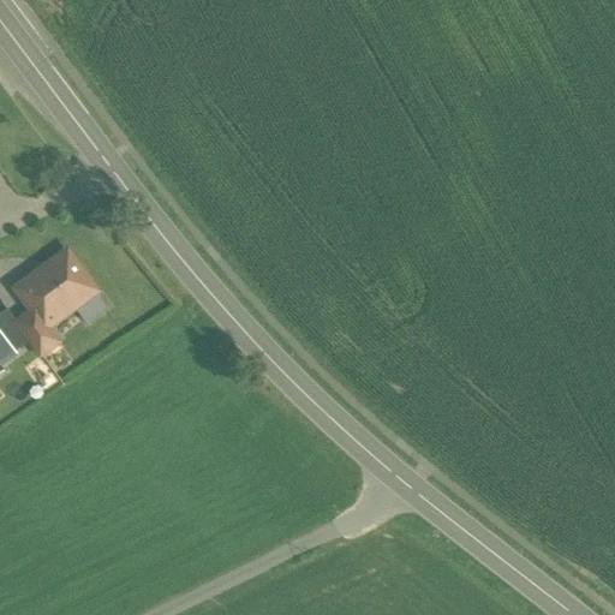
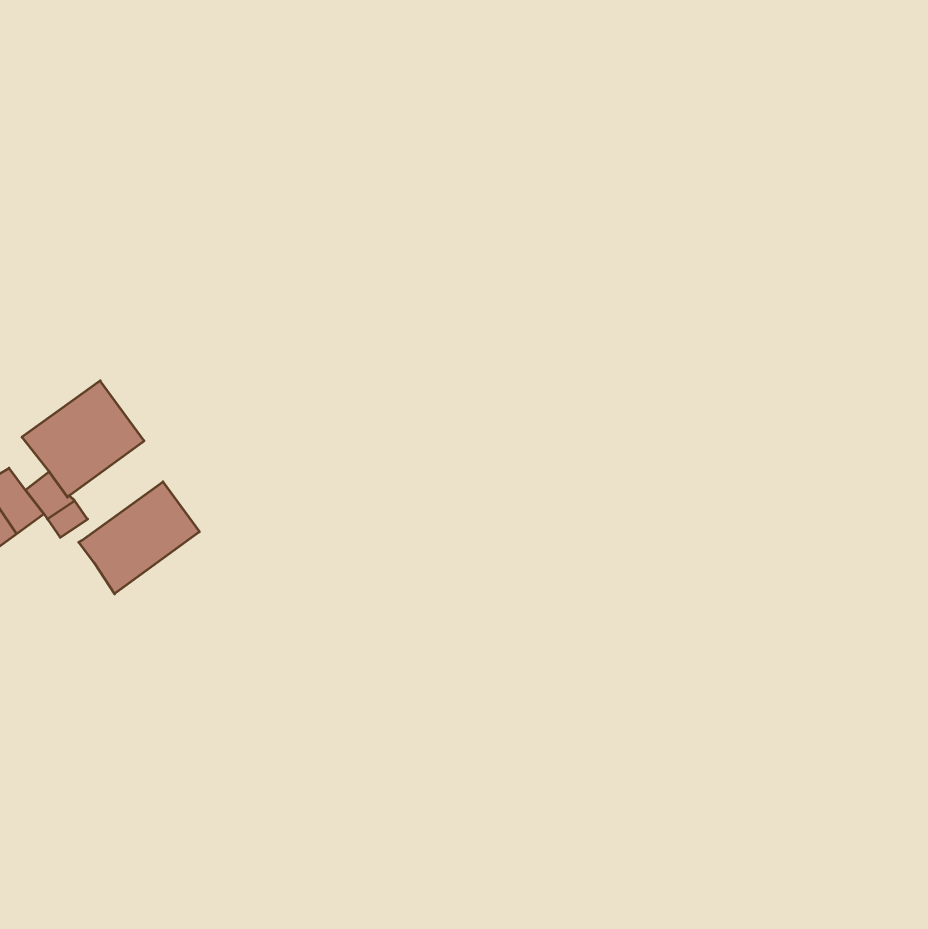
building: none -> [79,482,199,594]

